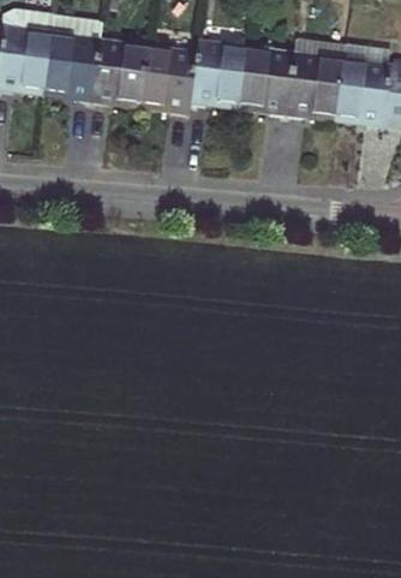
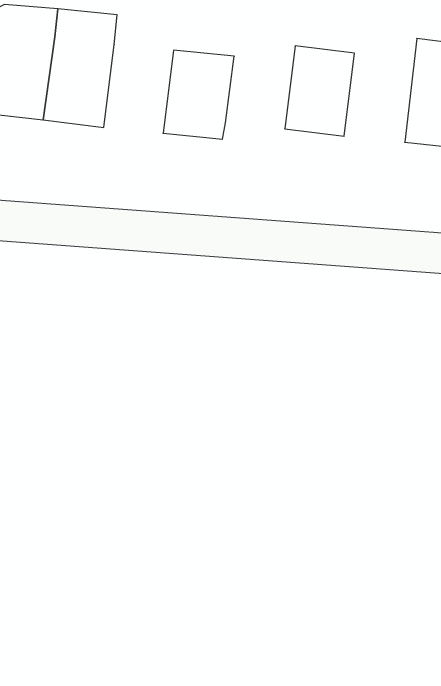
building: [287,30,346,120] -> none
building: [191,36,247,109] -> none
building: [92,41,149,113] -> none

